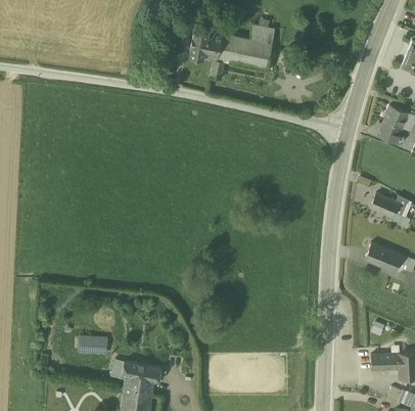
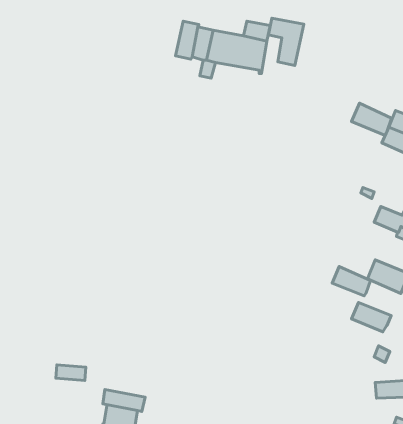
building: none -> [268,18,304,66]
building: none -> [352,103,391,135]
building: none -> [332,266,370,296]
building: none -> [352,303,391,332]

